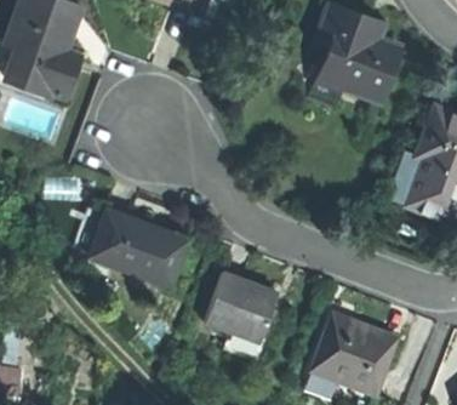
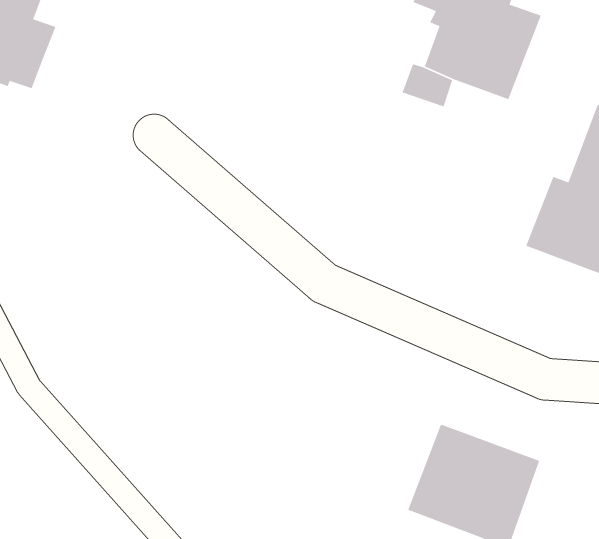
building: [88,210,185,285] -> none
building: [202,273,275,342] -> none

